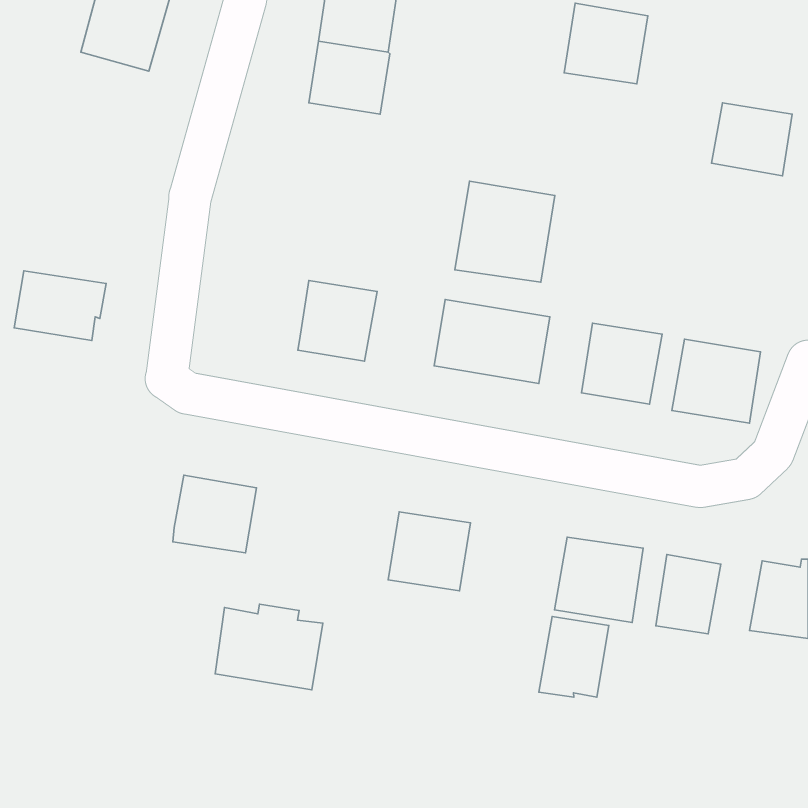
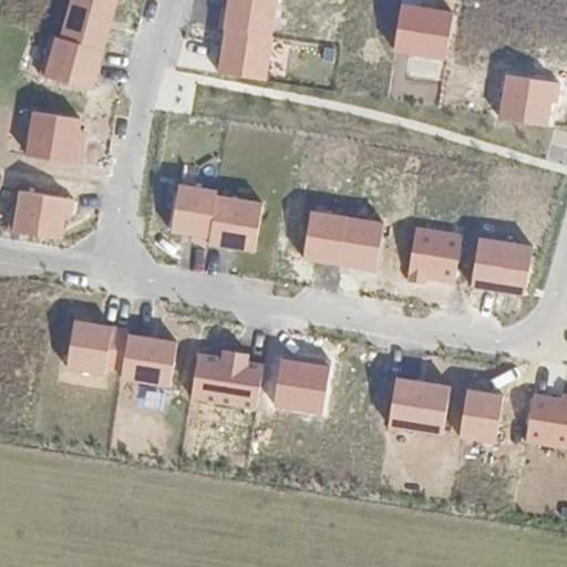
building: none -> [45,37,104,90]
building: none -> [27,111,84,163]
building: [455,181,555,282] -> none
building: none -> [171,184,217,238]
building: none -> [65,318,128,377]
building: [215,604,323,690] -> [190,349,266,409]
building: [539,616,609,697] -> none

